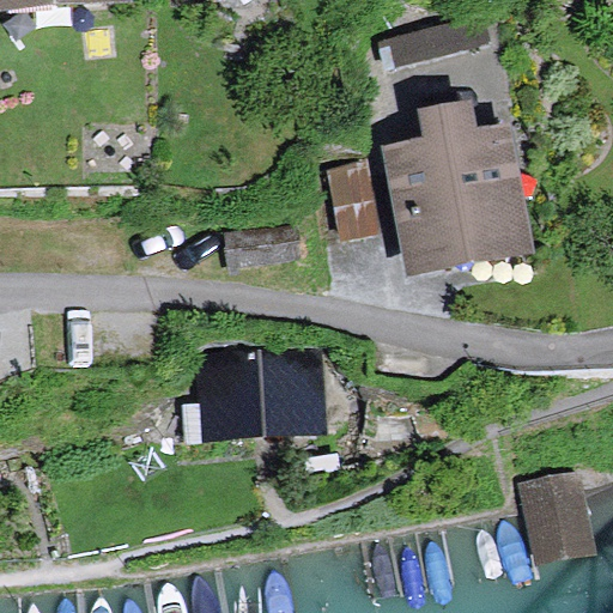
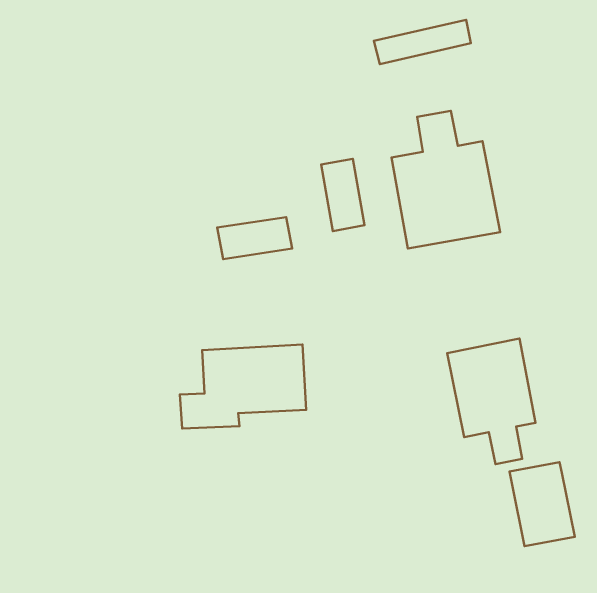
building: none -> [447,339,535,464]

